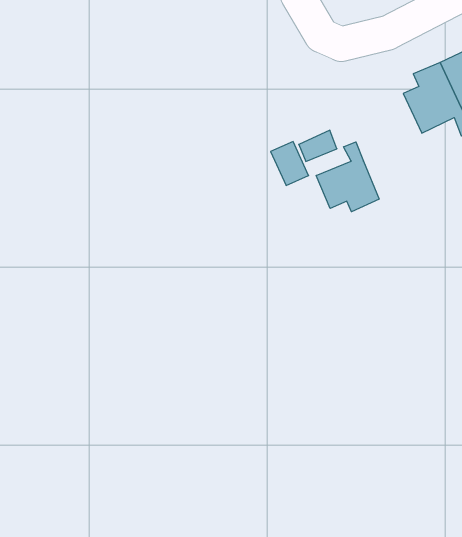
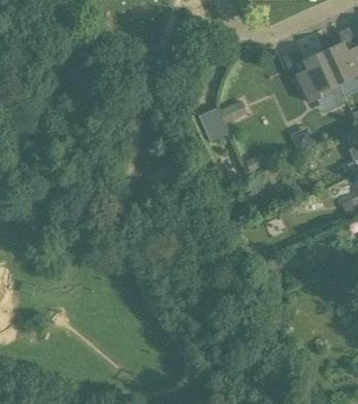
building: [316,142,379,212] -> none

